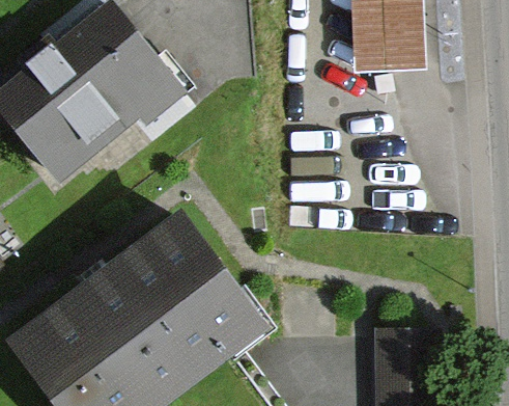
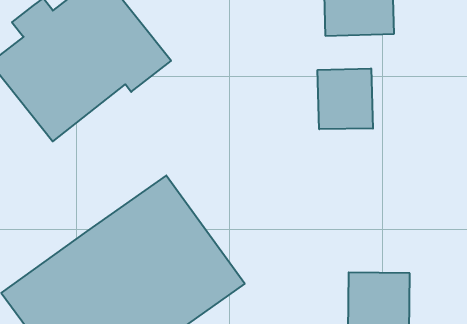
building: none -> [318,68,373,129]

